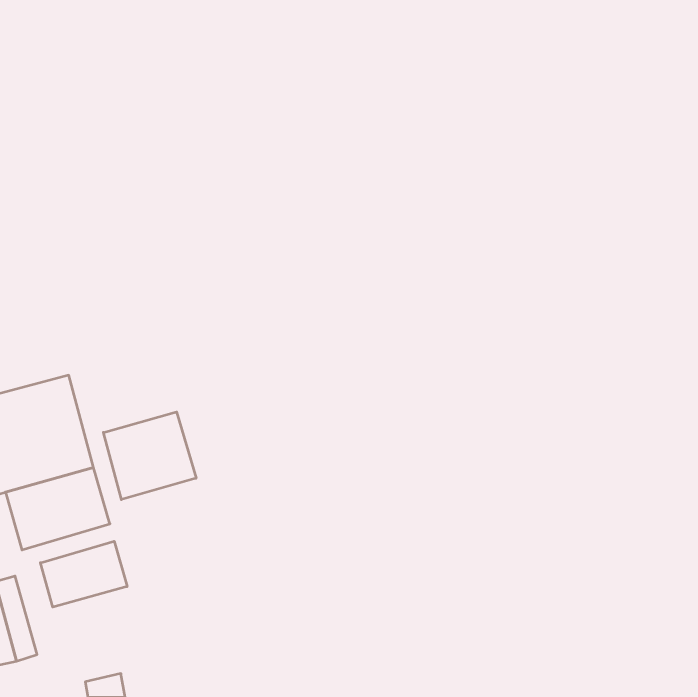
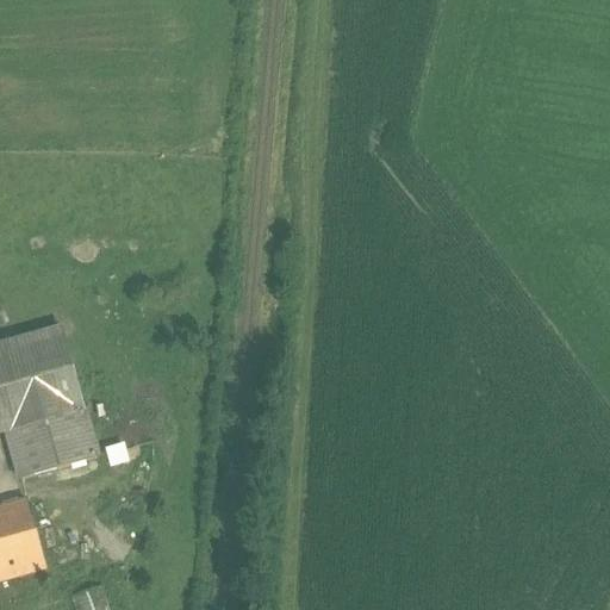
building: [103,412,196,500] -> none
building: [40,541,127,607] -> none

